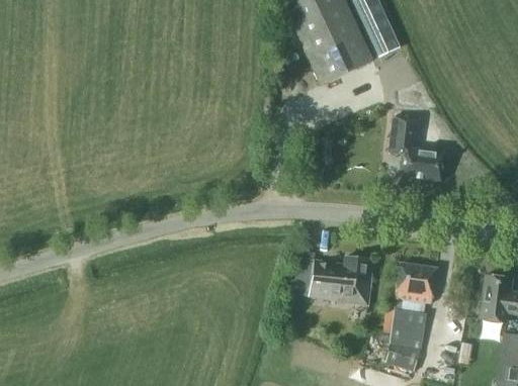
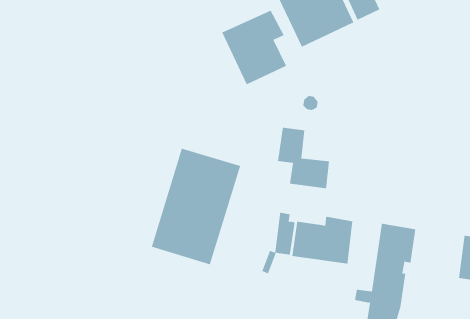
building: none -> [221,10,287,85]
building: [391,117,444,180] -> [277,127,330,189]
building: none -> [151,148,241,265]

